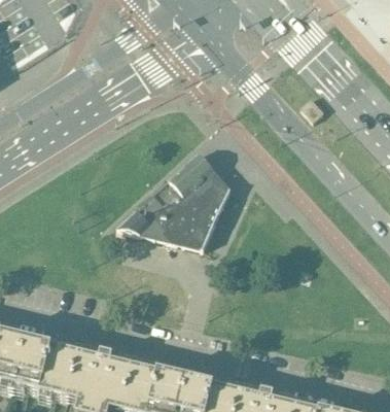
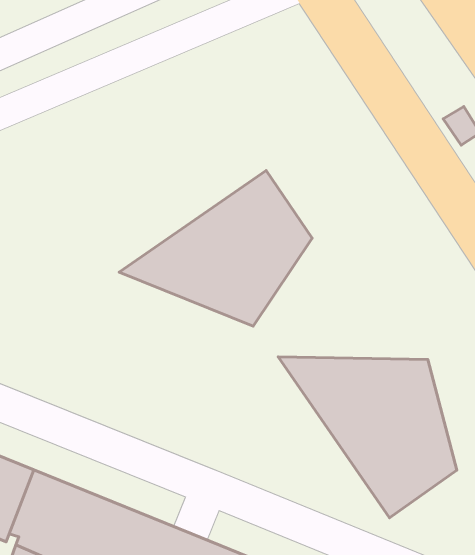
building: none -> [278,357,457,518]

